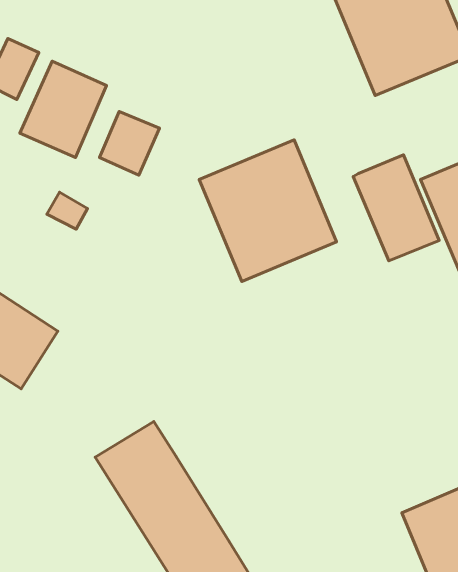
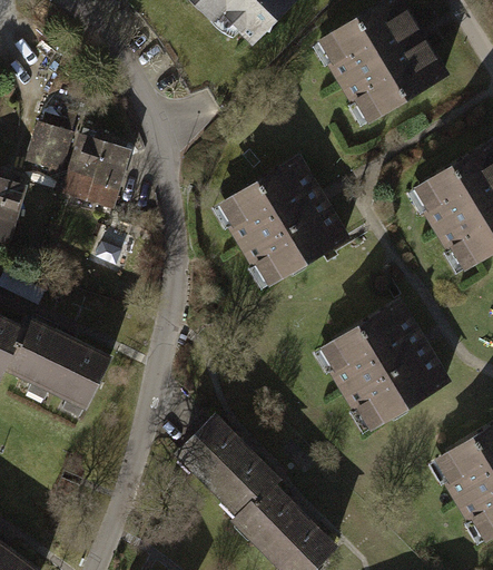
building: [99,112,159,175] -> none
building: [353,155,439,261] -> none
building: none -> [313,301,436,425]

